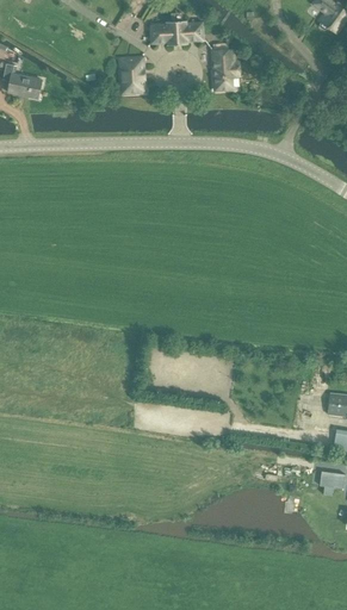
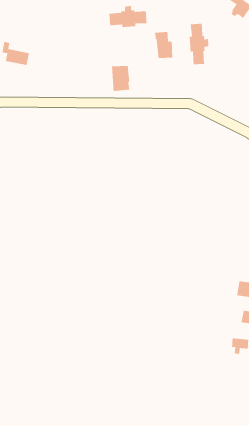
building: none -> [189,23,209,65]
building: [119,56,145,93] -> [111,65,130,92]

